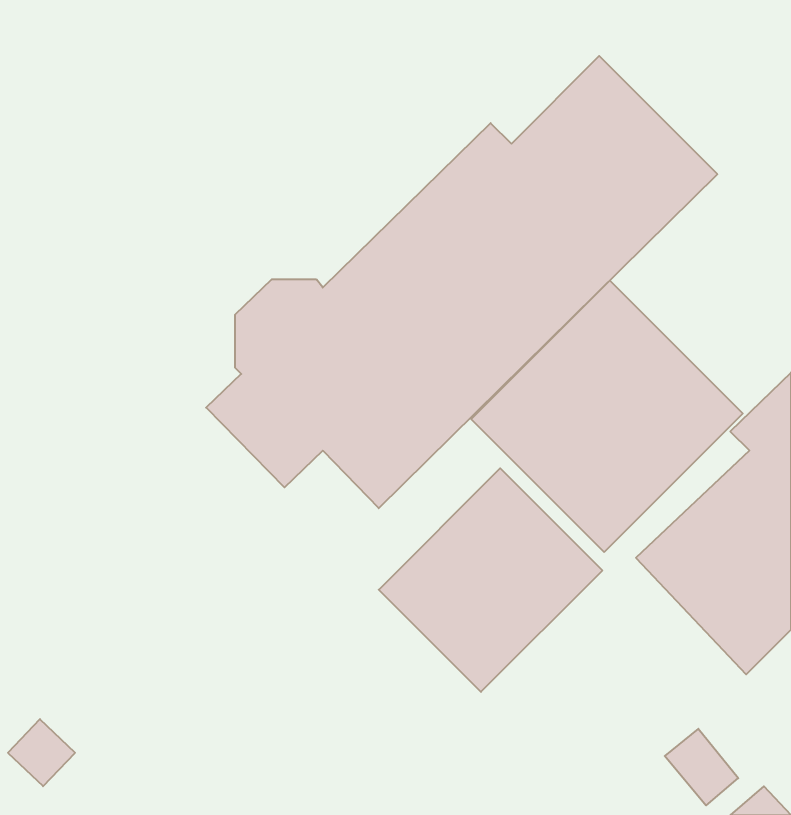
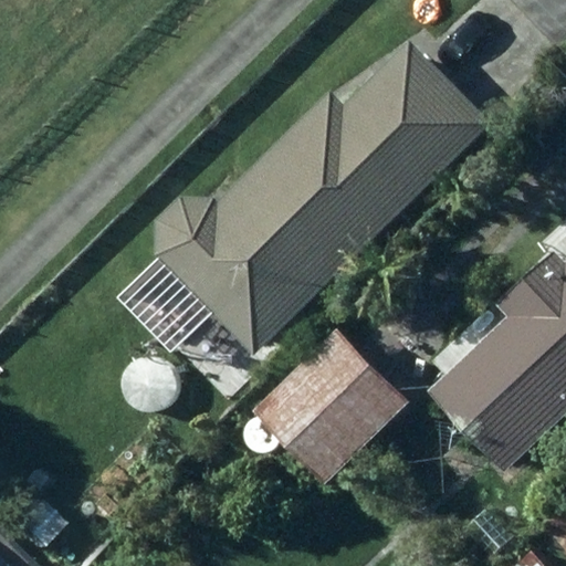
building: [471,281,743,552] -> none

